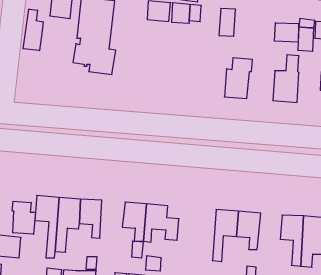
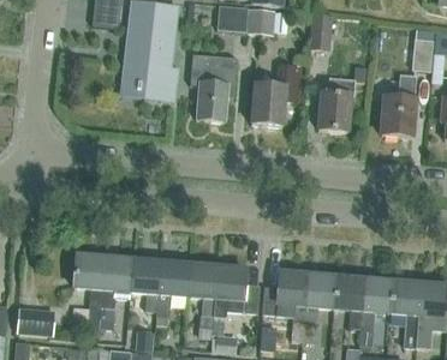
building: [23,9,43,51] -> none
building: [275,23,298,42] -> none
building: none -> [190,53,234,121]
building: none -> [251,67,299,126]
building: none -> [156,262,190,317]
building: [12,201,35,234] -> none
building: none -> [264,271,308,340]
building: none -> [359,278,393,344]

